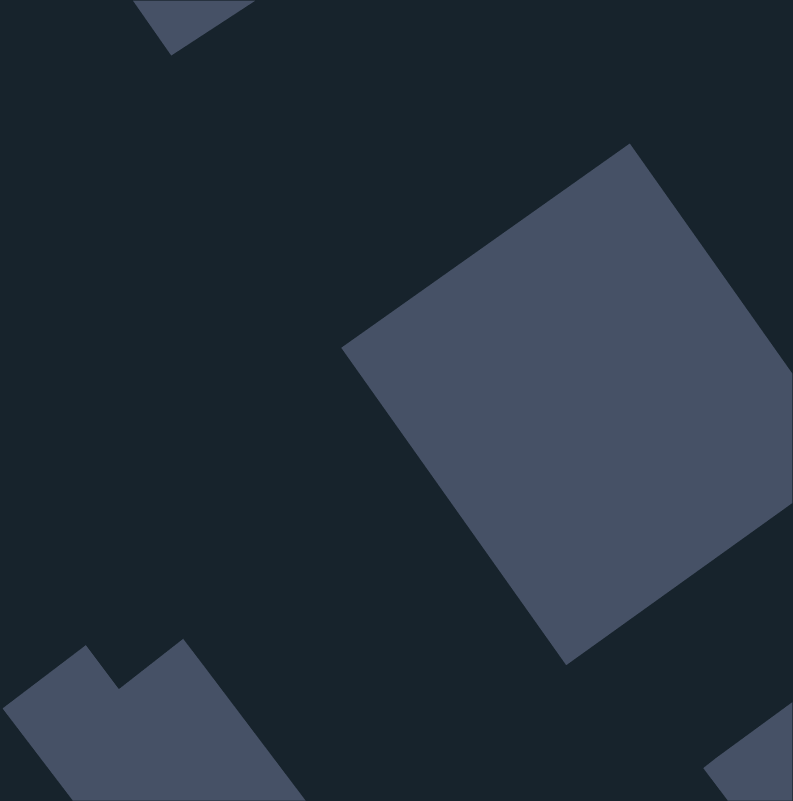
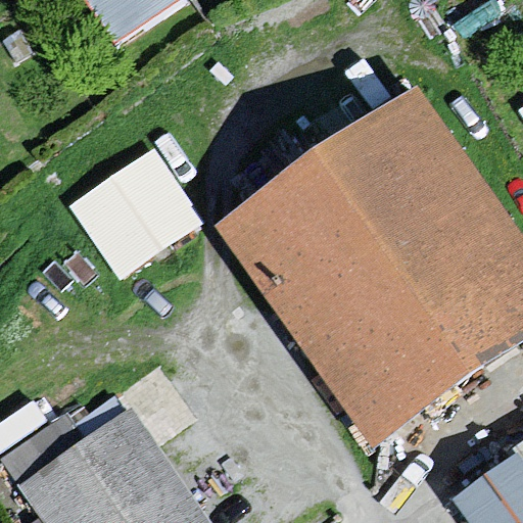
building: none -> [70,153,193,272]

